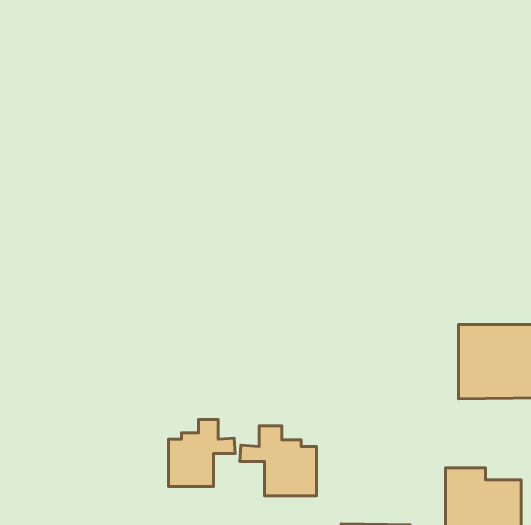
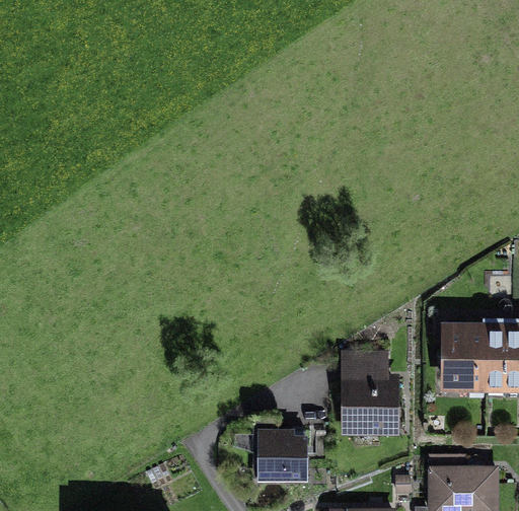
building: none -> [342,351,399,436]
building: [168,419,235,486] -> none

